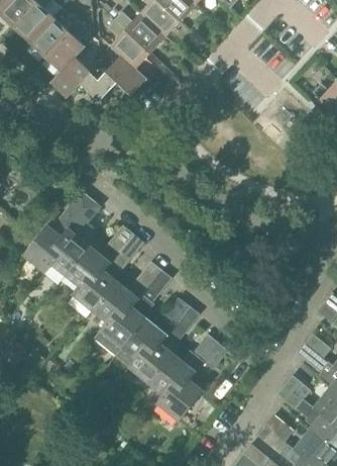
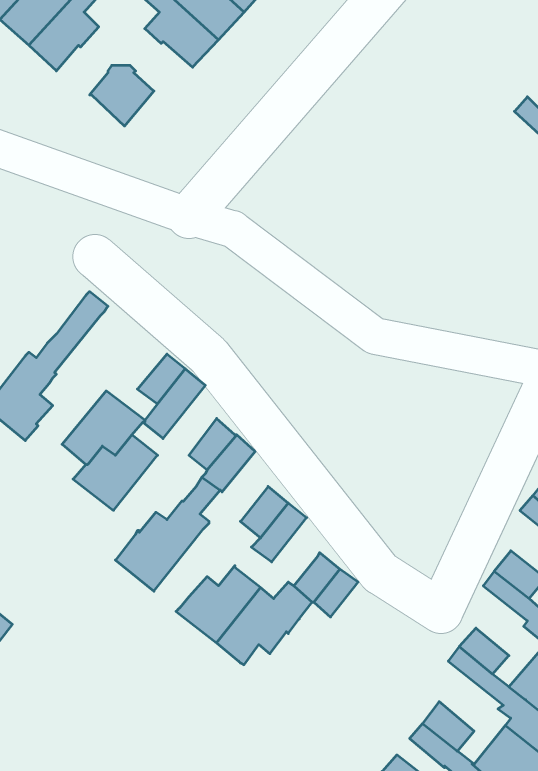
building: [106,54,147,94] -> none
building: [53,56,92,96] -> none
building: [52,199,102,275] -> none
building: [95,281,140,323] -> none
building: [117,317,168,366] -> none
building: [157,378,205,422] -> none

